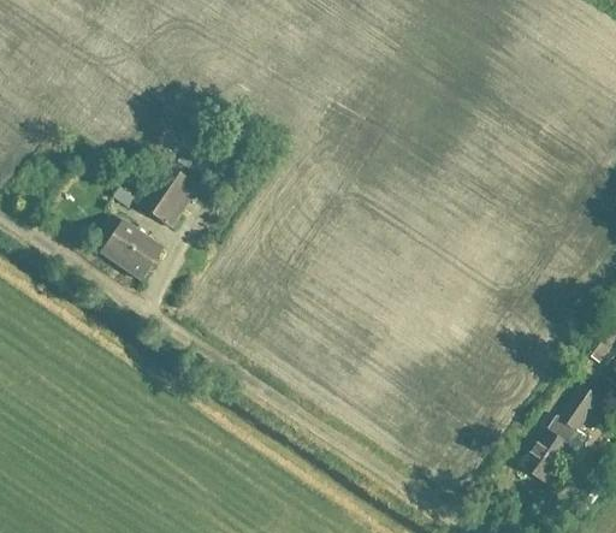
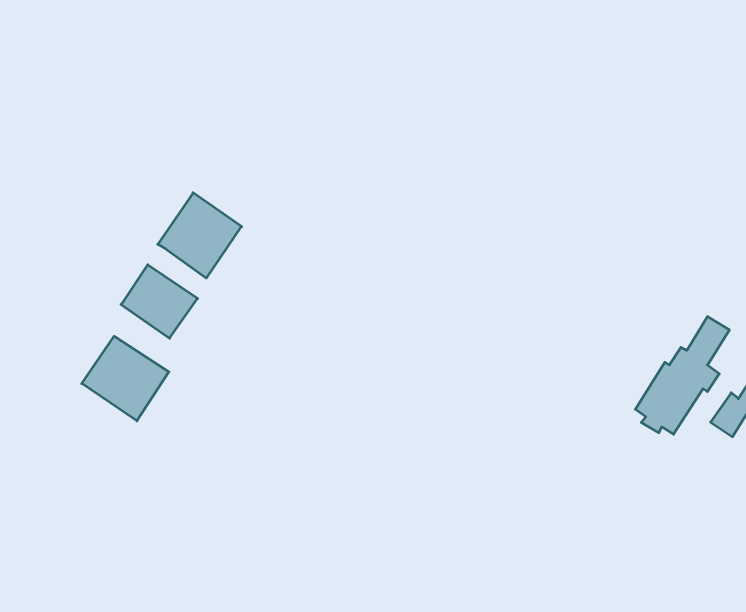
building: none -> [82,336,169,421]
building: [520,389,597,485] -> [635,317,729,434]

